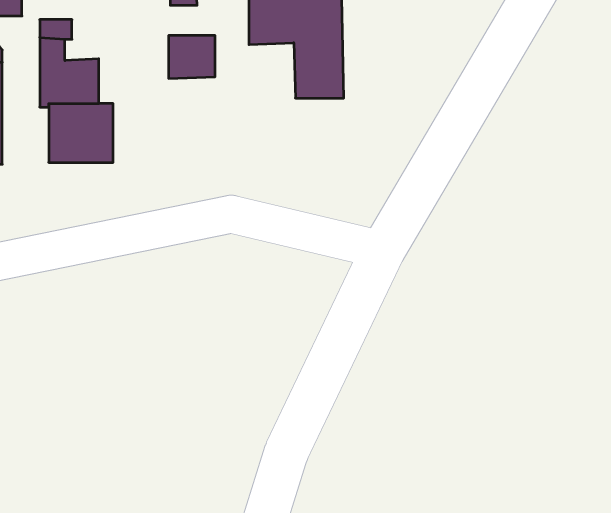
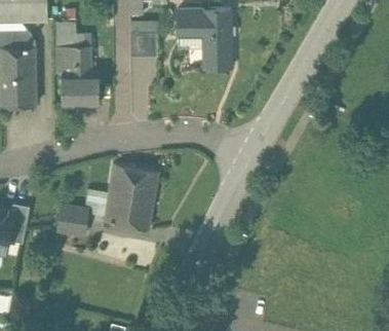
building: none -> [104,164,159,231]
building: none -> [57,207,87,235]

